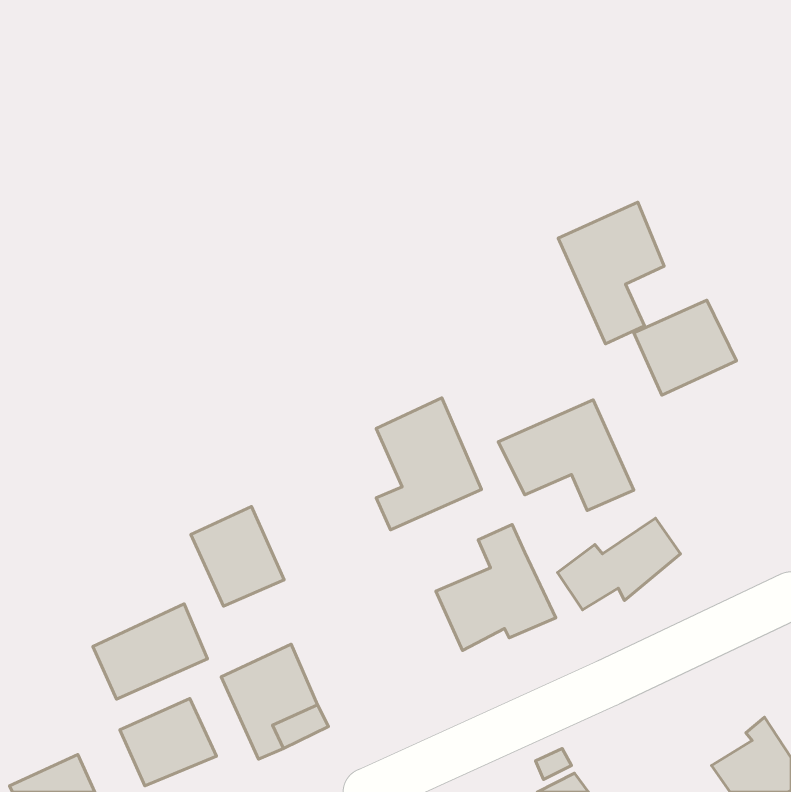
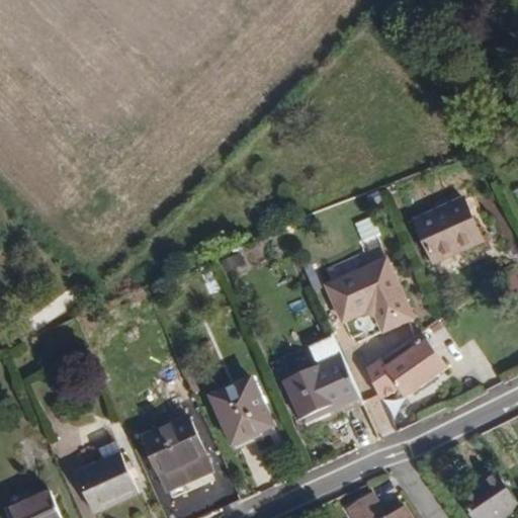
building: [558,202,664,344] -> none
building: [376,398,481,530] -> none
building: [191,507,284,606] -> [209,381,270,446]
building: [93,604,207,699] -> none

